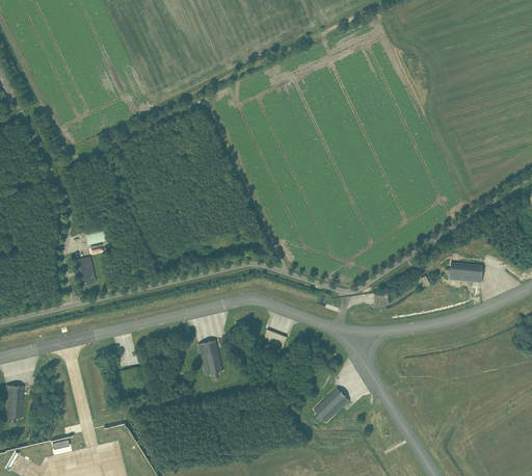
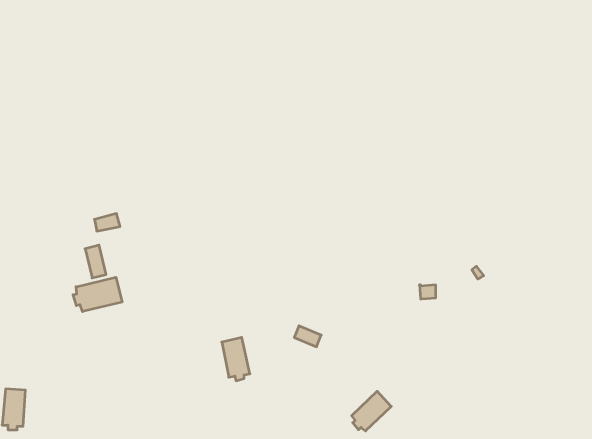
building: [447,261,483,283] -> none
building: none -> [73,277,122,312]

